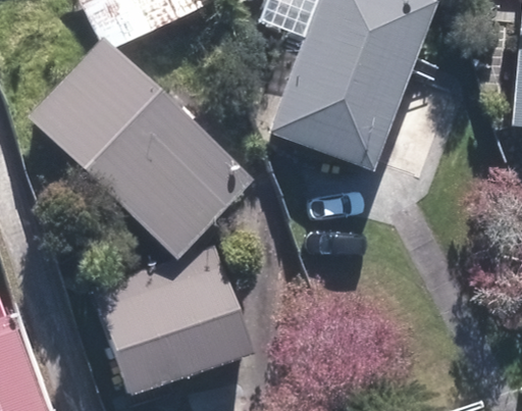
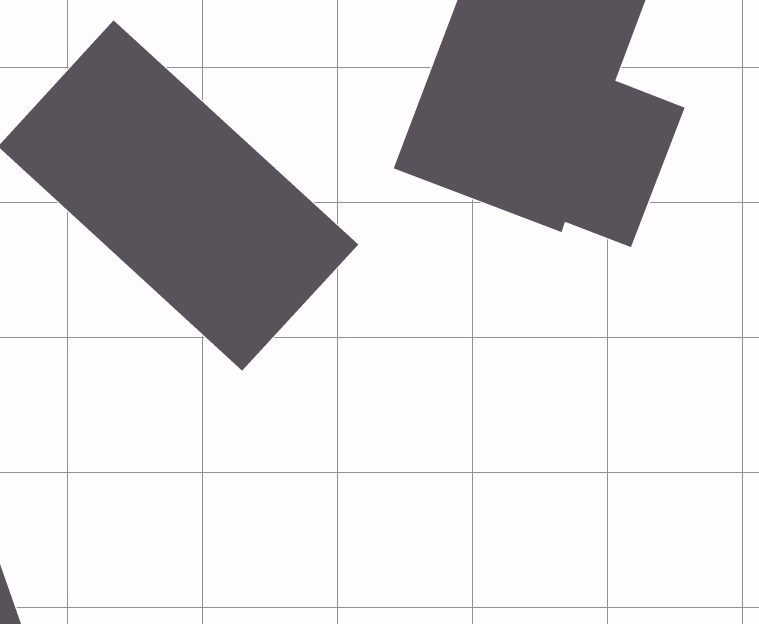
building: [97,250,250,392] -> none

